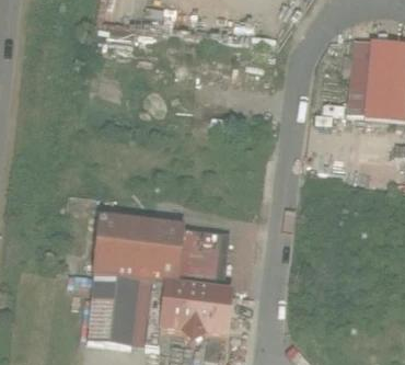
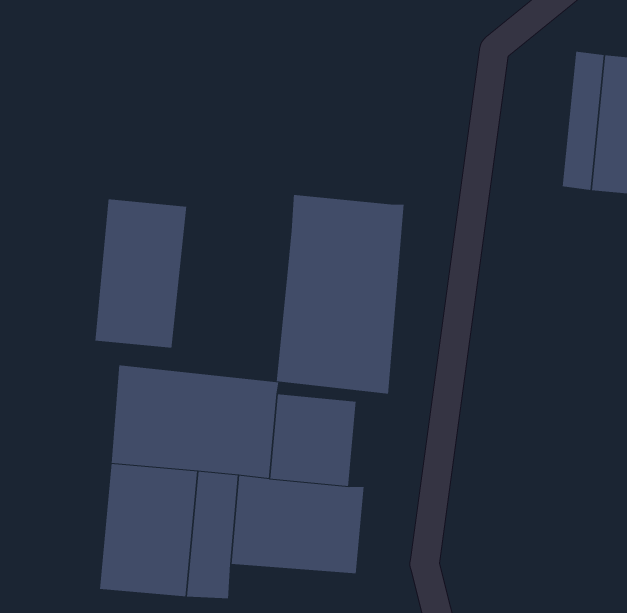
building: none -> [276,194,404,394]
building: none -> [95,198,187,349]

